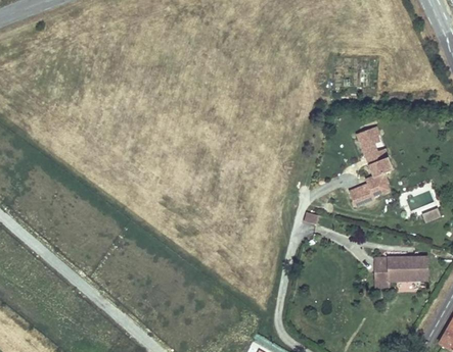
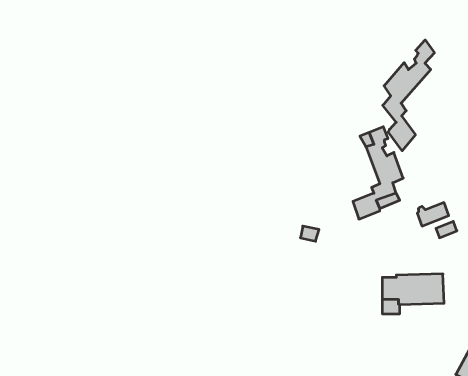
building: none -> [383,40,434,151]

